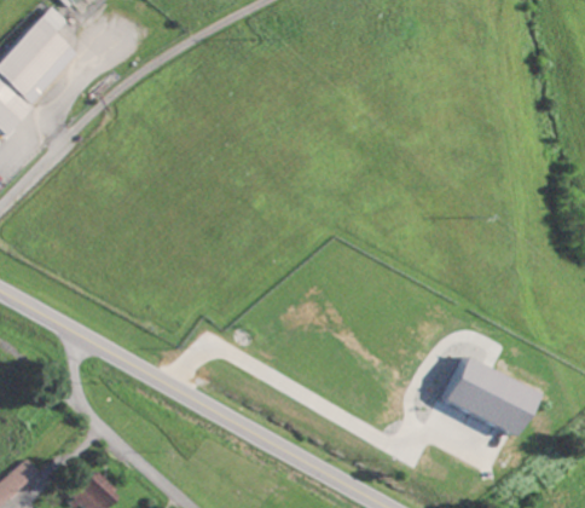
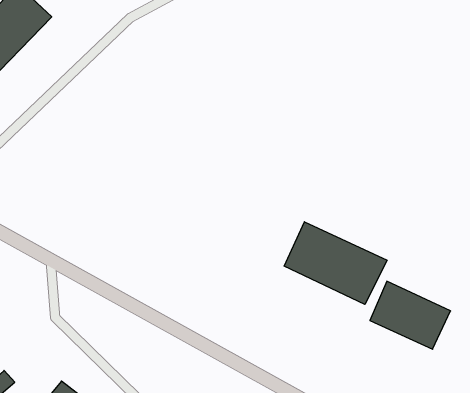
building: none -> [284,222,387,304]

